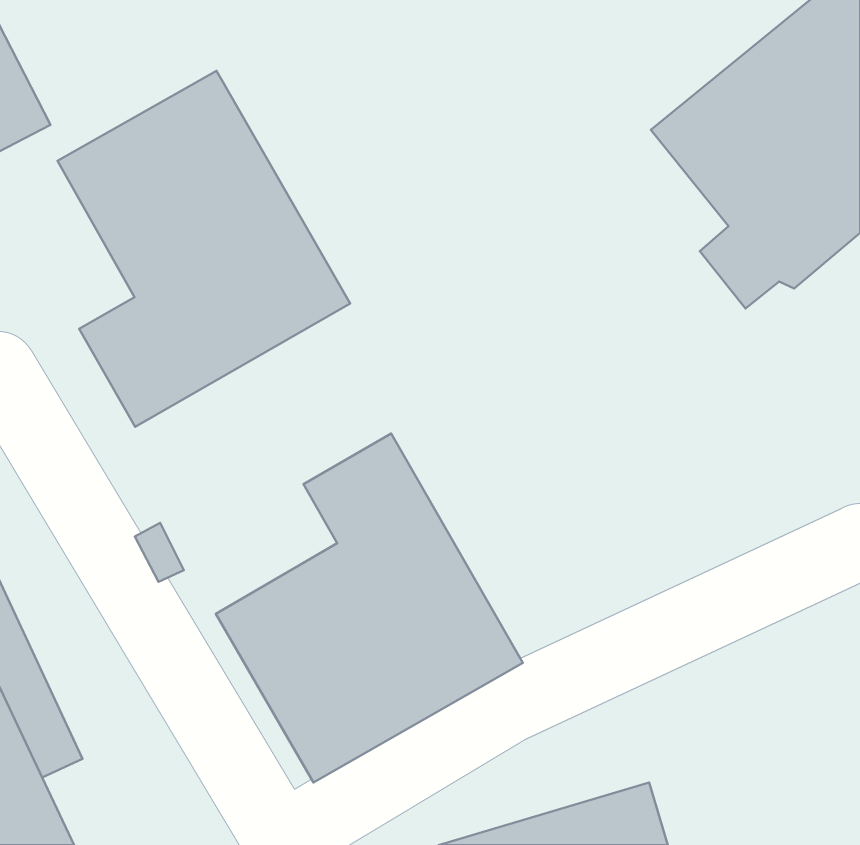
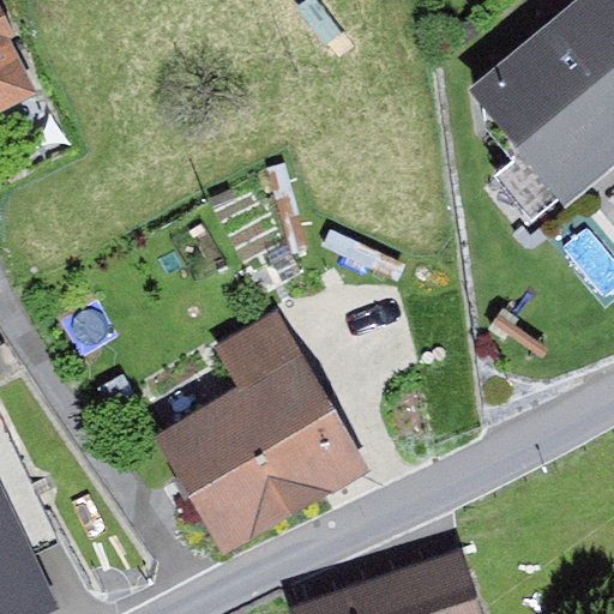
building: [57,71,350,427] -> none

